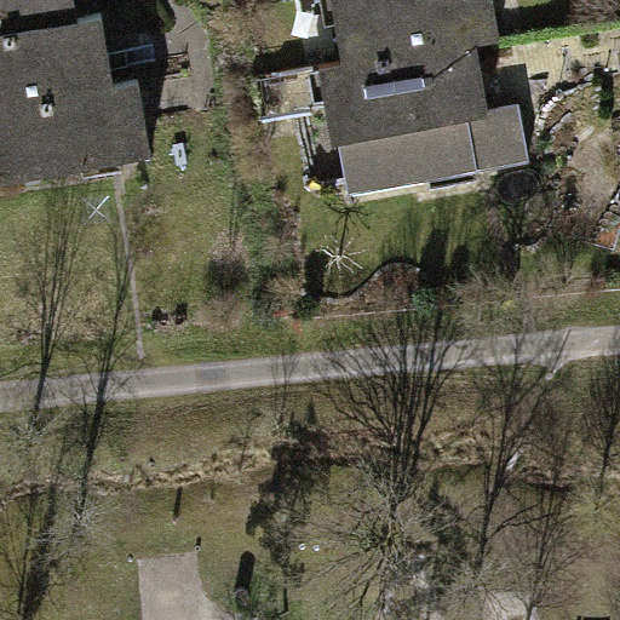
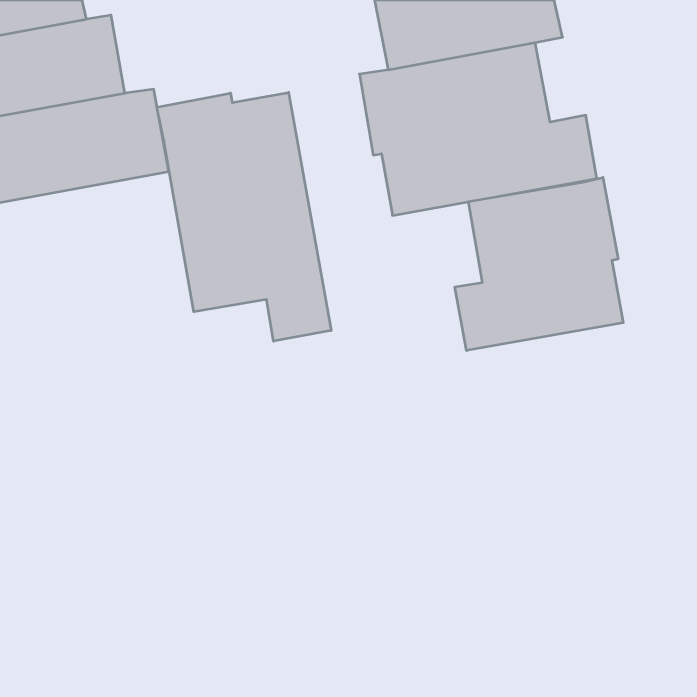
building: none -> [157,92,331,341]
building: none -> [455,177,623,351]

